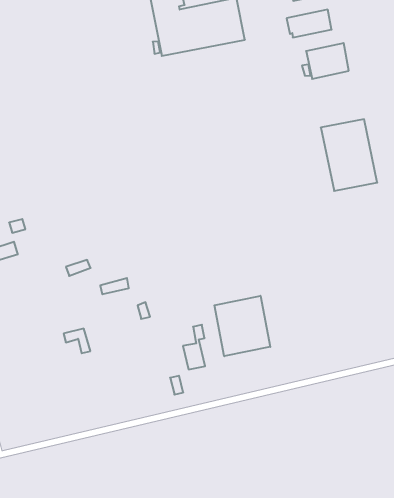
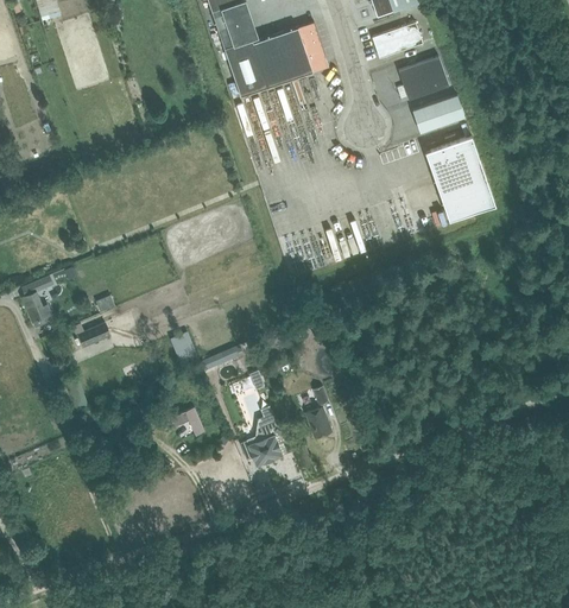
building: none -> [412,96,464,134]
building: [214,296,270,356] -> none
building: none -> [241,422,286,466]

